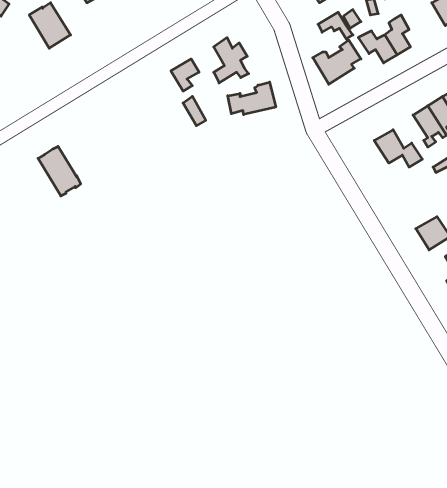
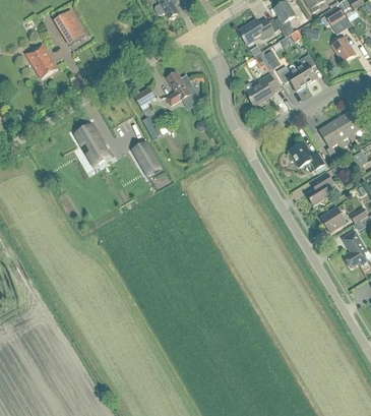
building: [228,82,276,115] -> none
building: none -> [133,142,162,176]
building: [38,146,81,196] -> [76,126,109,164]
building: none -> [307,173,333,205]

